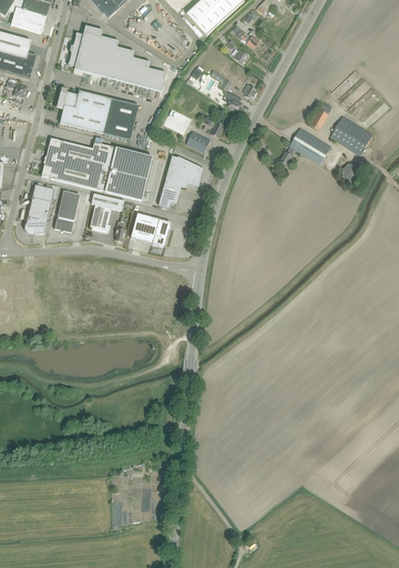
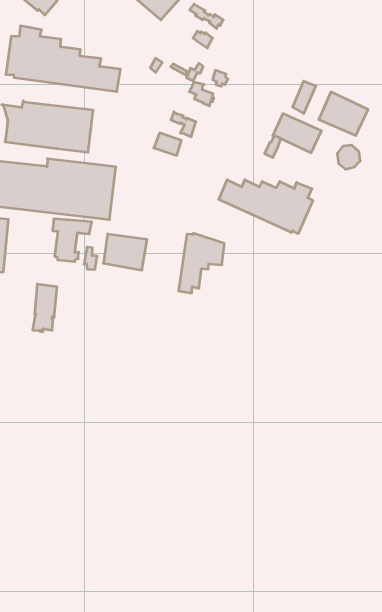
building: [157,155,202,206] -> [179,233,224,293]
building: none -> [219,180,313,234]
building: [53,190,79,231] -> [33,284,57,332]

